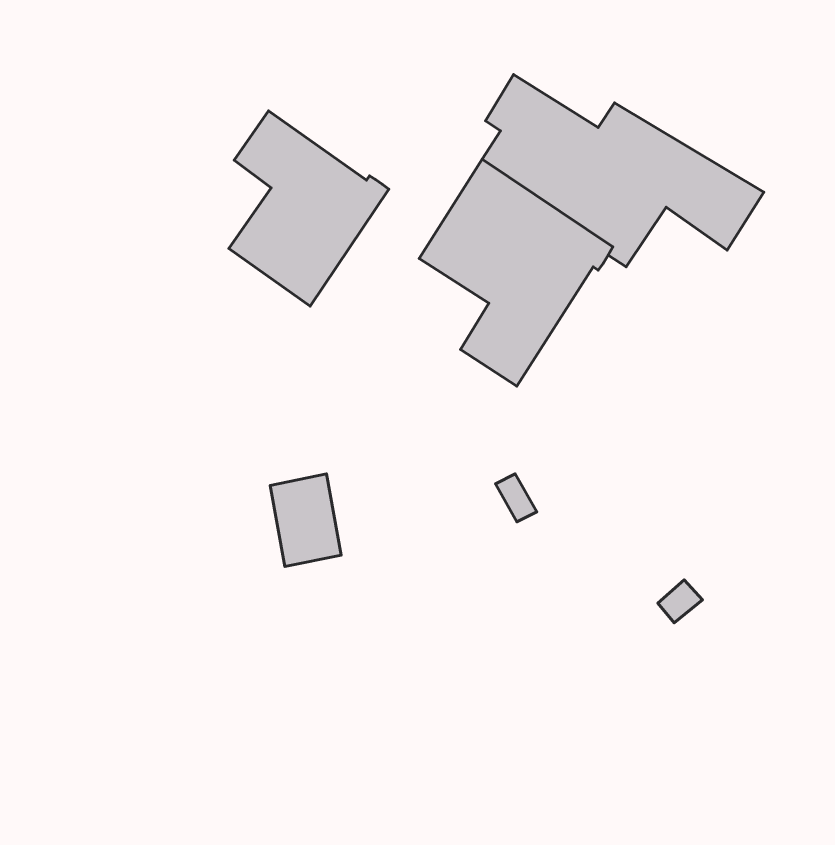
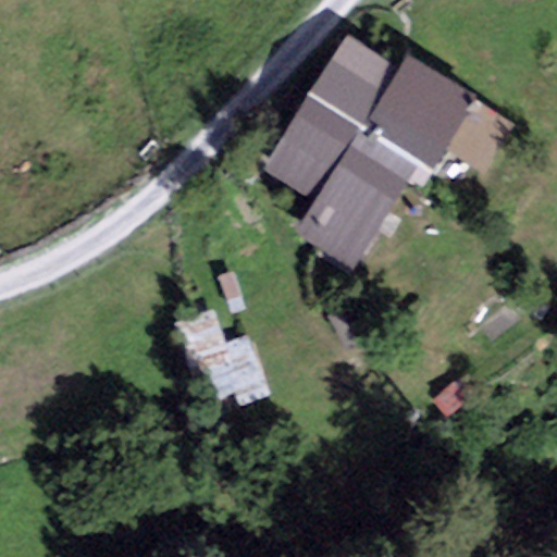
building: [229,111,389,306] -> none

